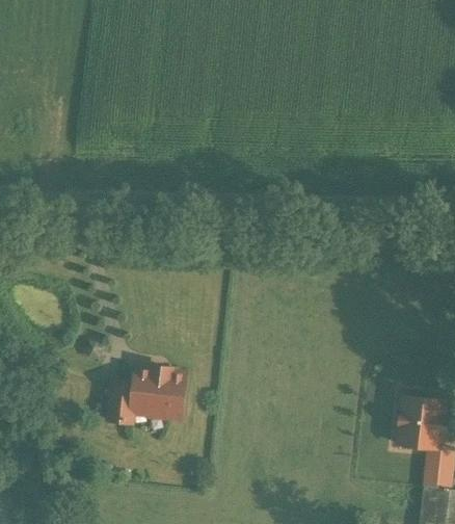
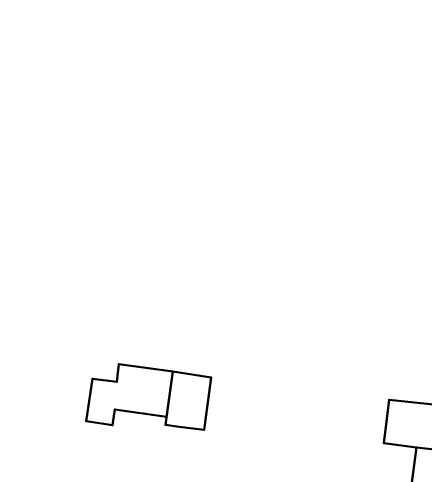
building: none -> [165,371,211,430]

